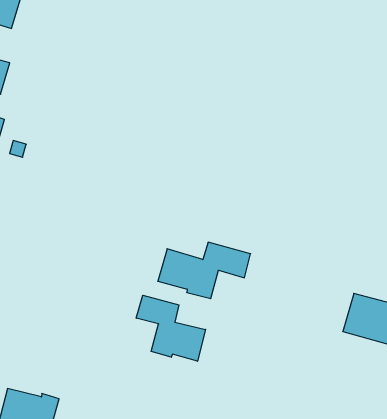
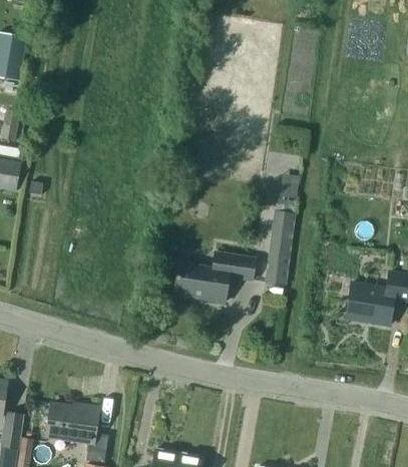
building: none -> [265,210,296,285]
building: [136,295,206,361] -> none

